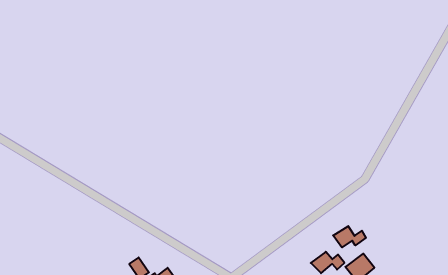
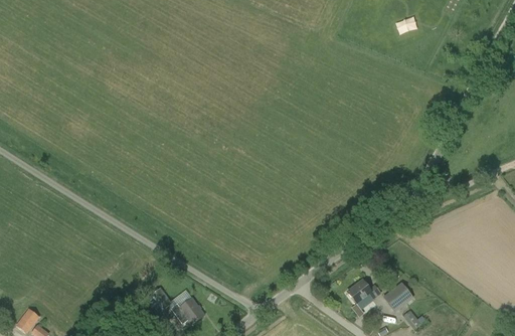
building: [333,226,366,247] -> none

